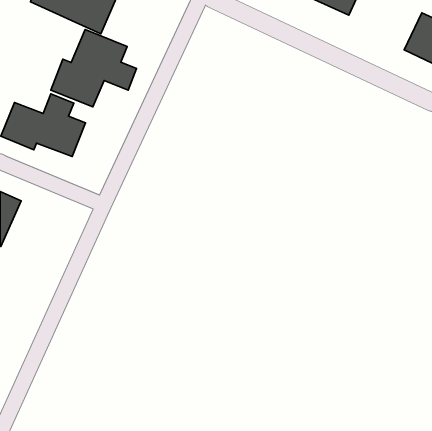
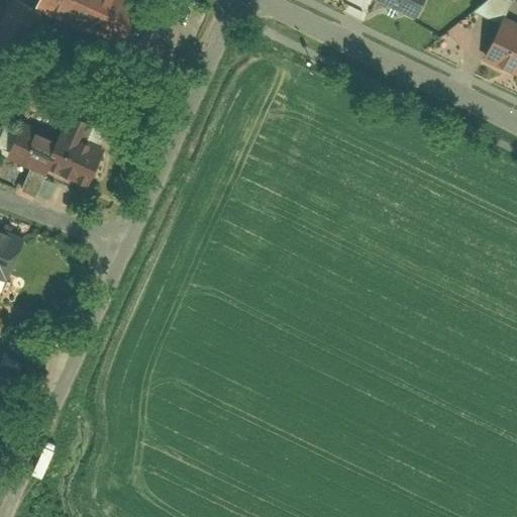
building: [51,30,136,107] -> none

